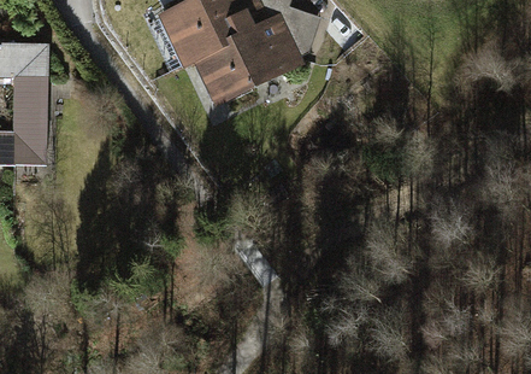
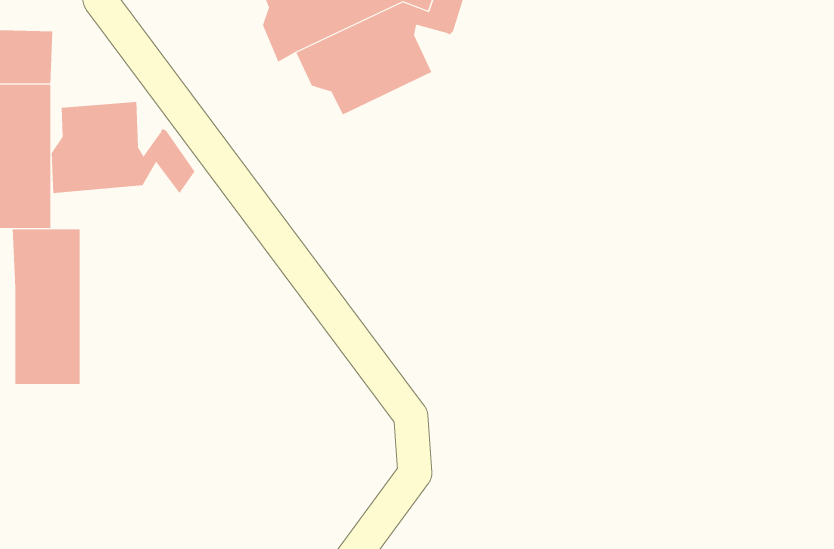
building: none -> [51,101,195,194]
building: none -> [12,229,80,385]

